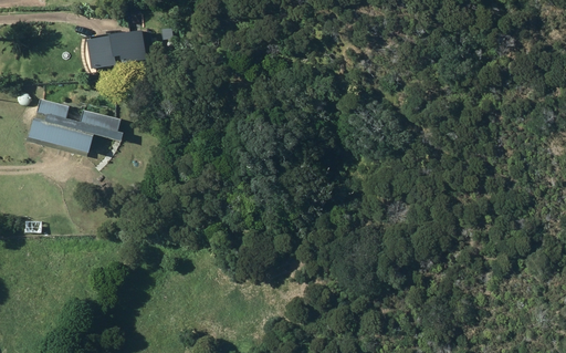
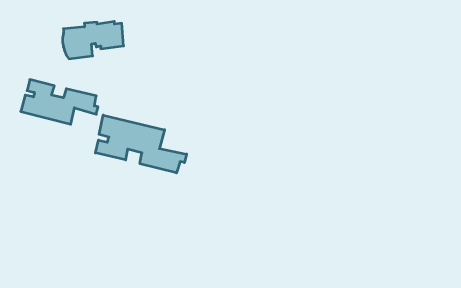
building: none -> [95,115,187,173]

